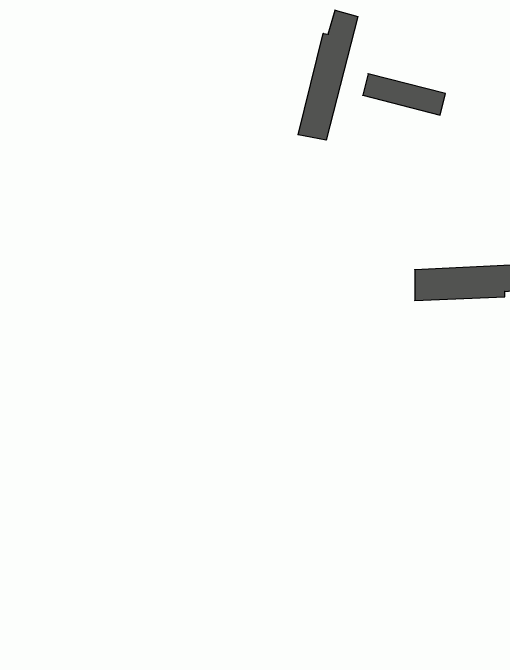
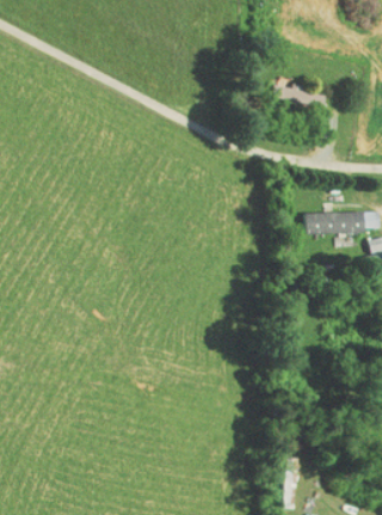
building: [298,10,358,140] -> none

